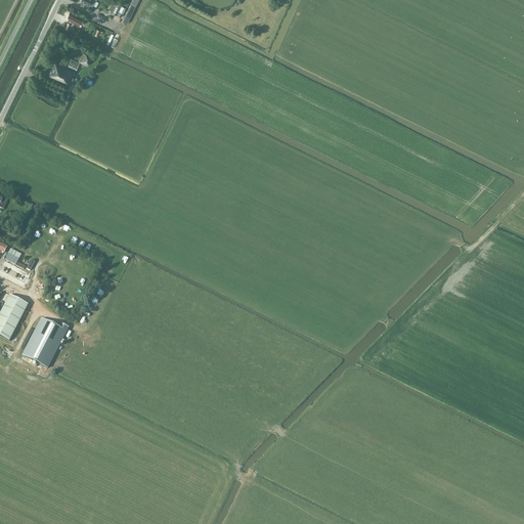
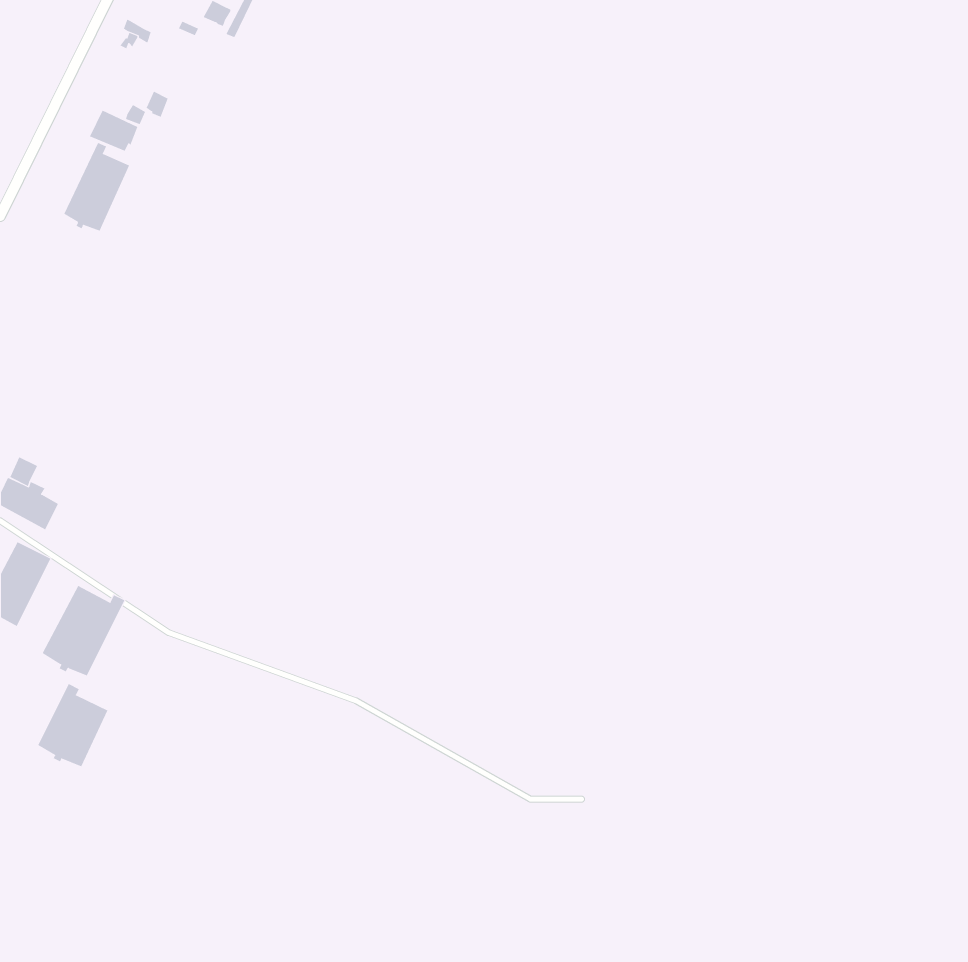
building: none -> [64,142,130,231]
building: none -> [38,683,108,767]

